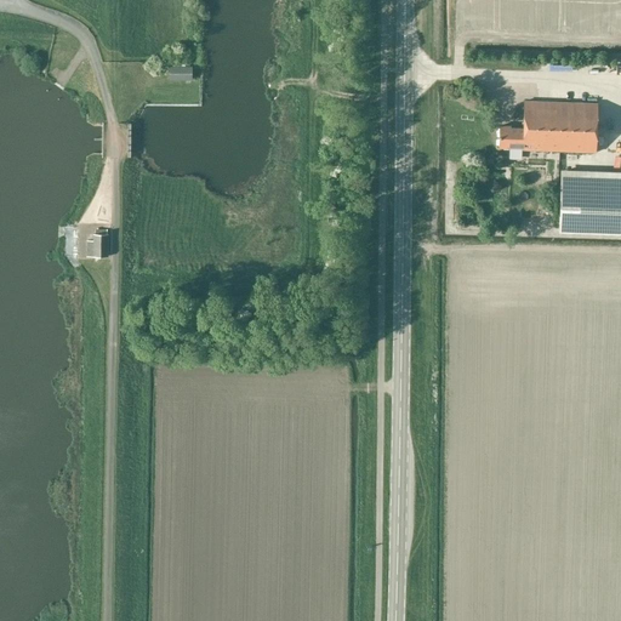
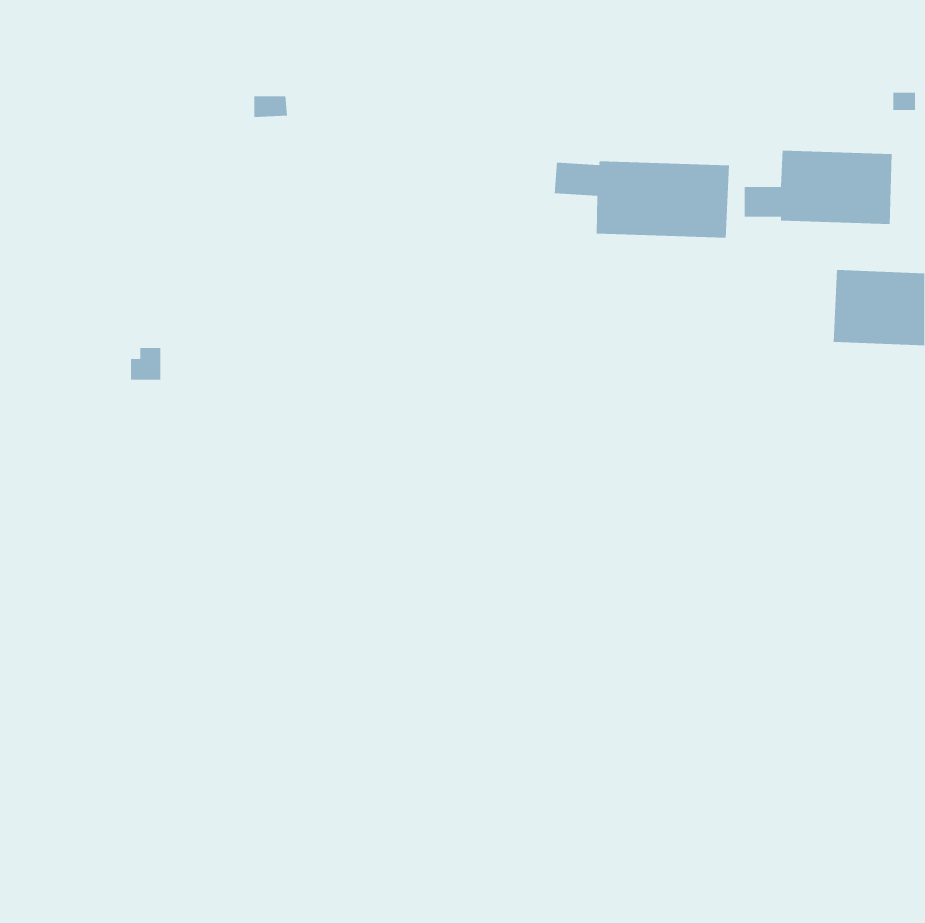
building: none -> [554,161,729,238]

